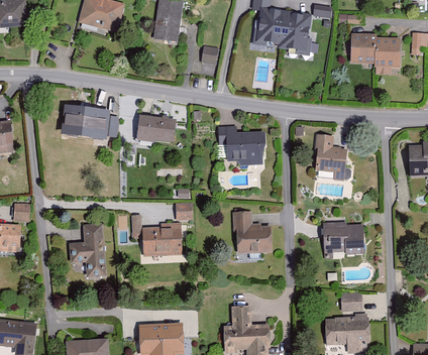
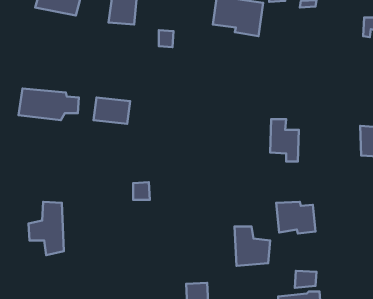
building: [348,33,400,67] -> none
building: [217,127,262,164] -> none
building: [234,212,271,252] -> [235,227,270,266]
building: [133,215,182,255] -> none

